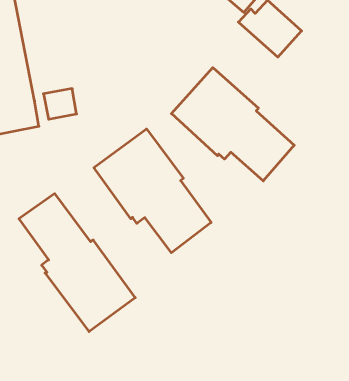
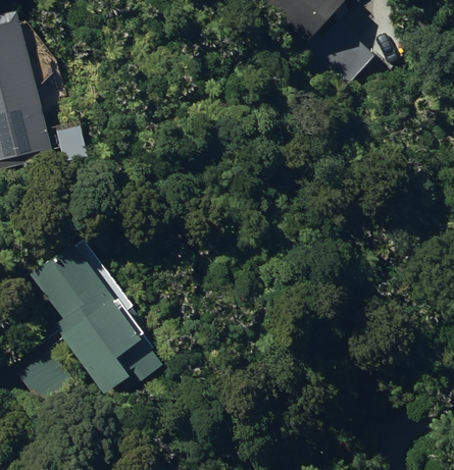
building: [171,68,294,181] -> none
building: [94,129,211,253] -> none

